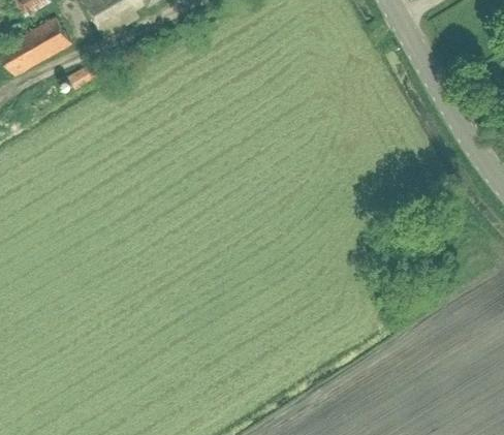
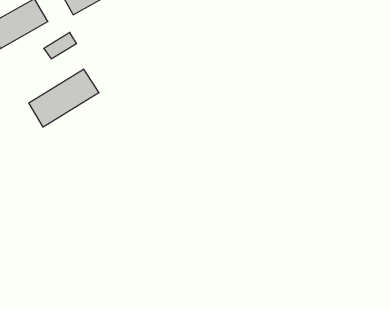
building: none -> [29,69,99,127]

